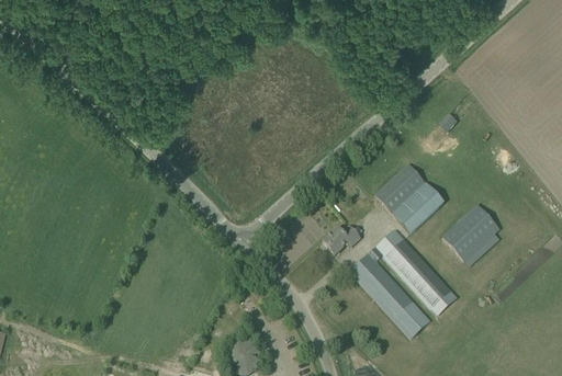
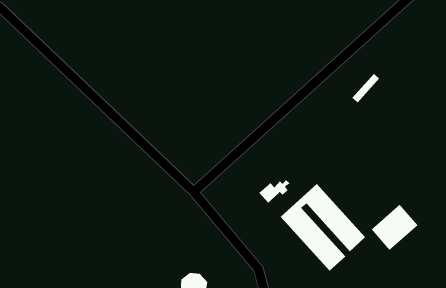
building: [375,164,446,238] -> none
building: [440,203,499,261] -> [371,204,419,251]

